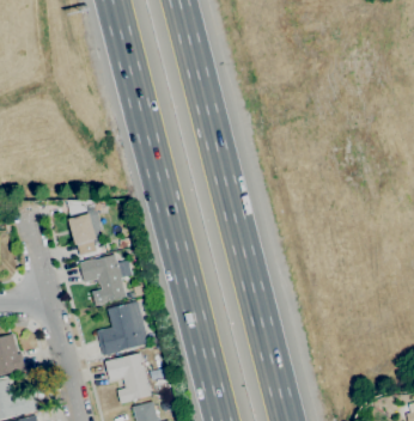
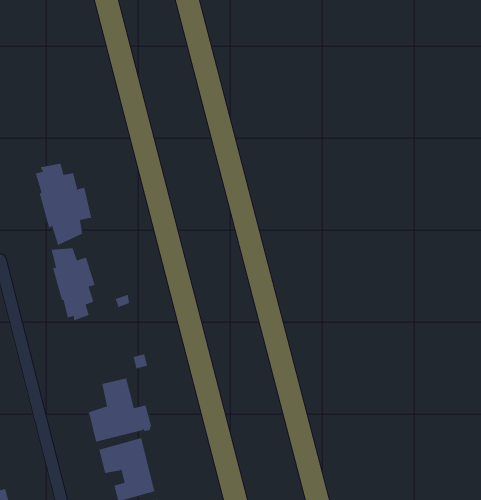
building: none -> [35,163,92,246]
building: [79,254,132,305] -> none

